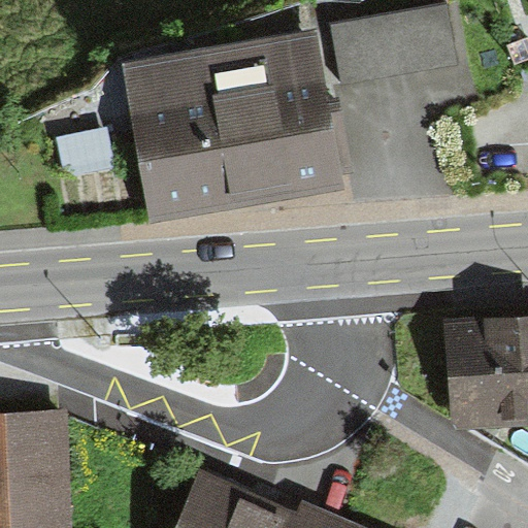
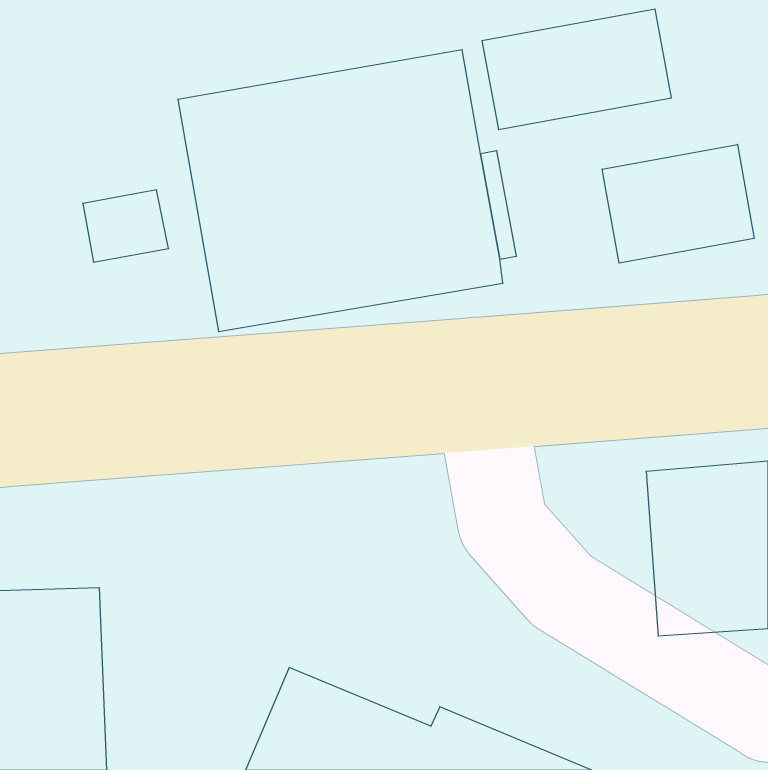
building: none -> [602,144,754,263]

